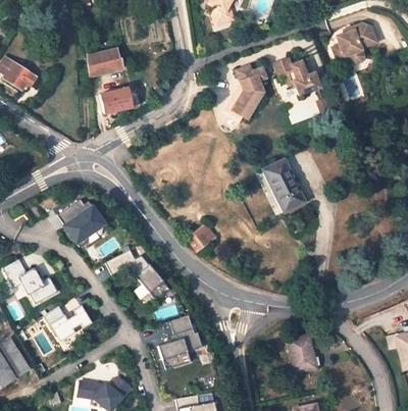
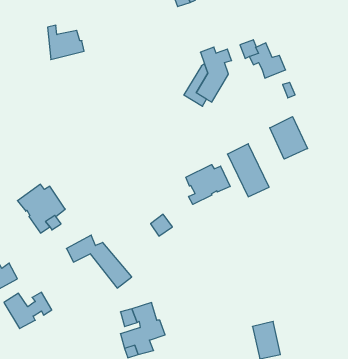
building: [330,23,374,63] -> none
building: [100,88,131,112] -> none
building: none -> [270,117,308,159]
building: none -> [186,165,230,204]

